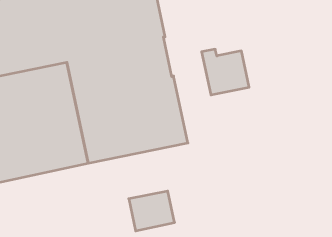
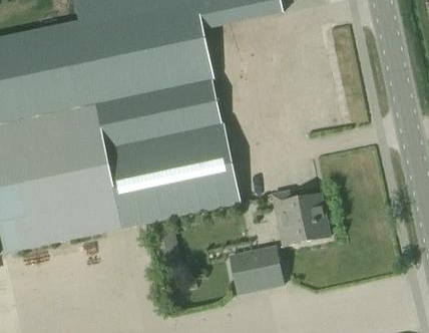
building: [202,49,249,95] -> [272,191,328,245]
building: [129,191,175,231] -> [229,246,283,293]

